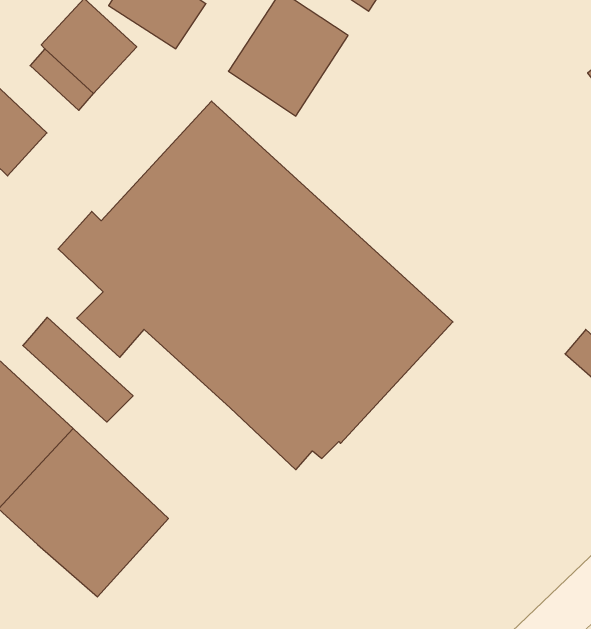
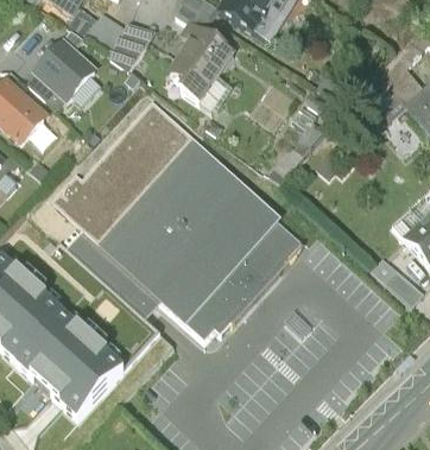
building: [23,317,133,422] -> [93,245,163,311]

